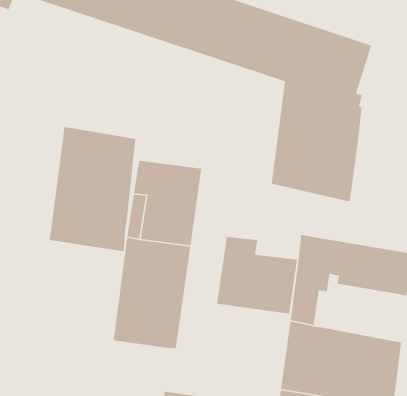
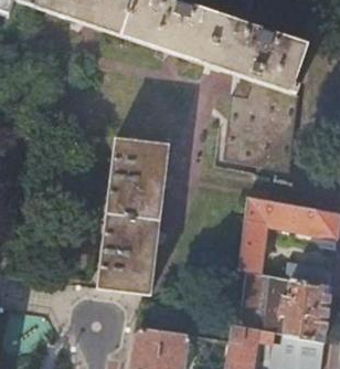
building: [49,126,136,252] -> none
building: [216,236,298,314] -> none

